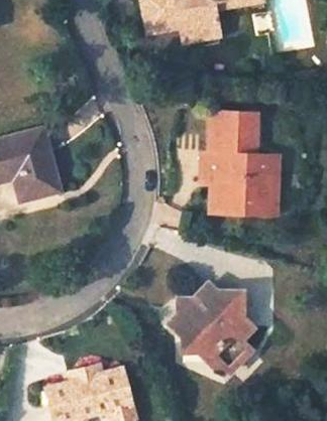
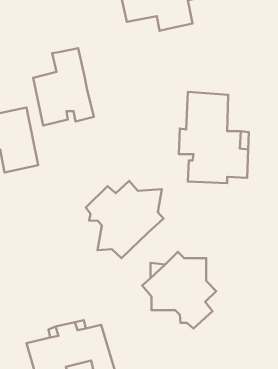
building: none -> [33,48,94,126]
building: none -> [86,181,163,258]

